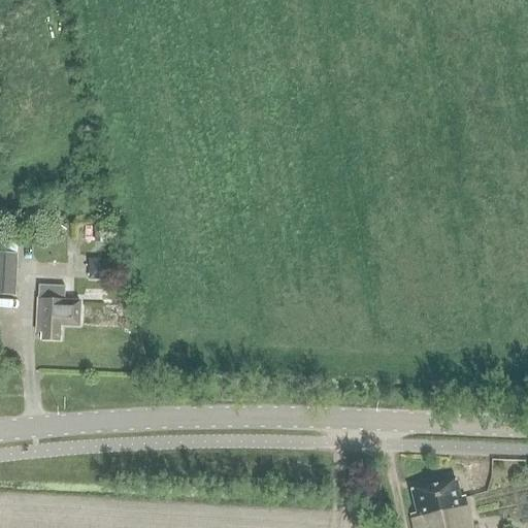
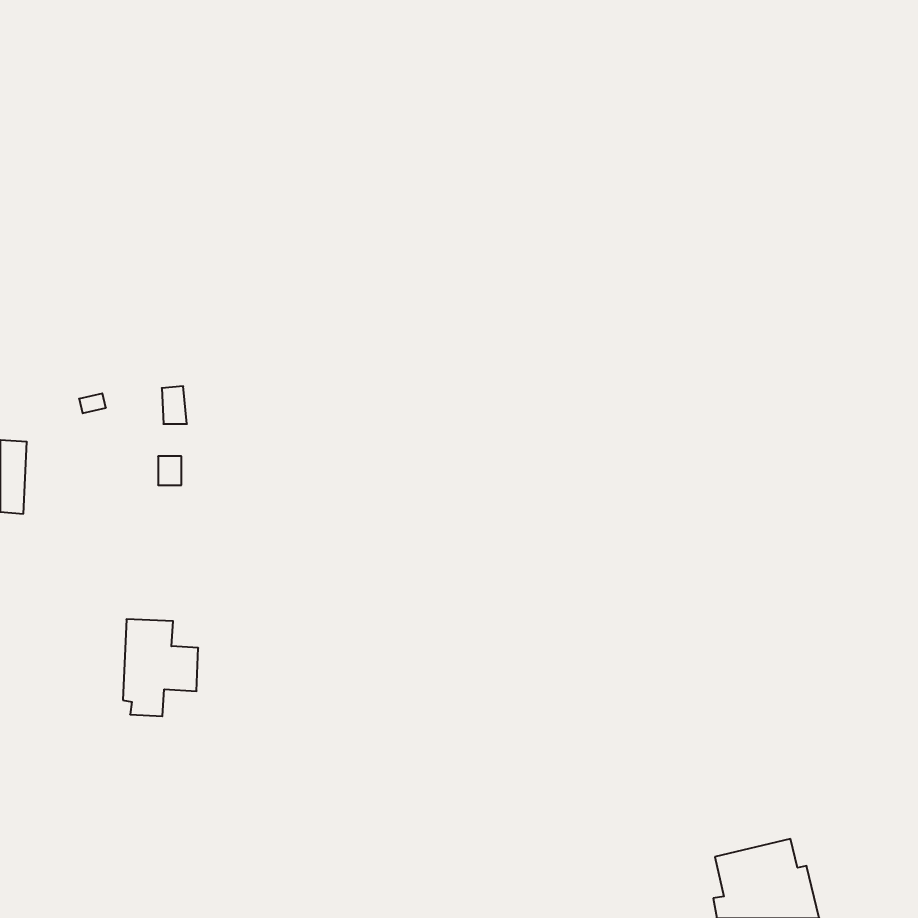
building: [35,286,78,341] -> [123,619,198,716]

